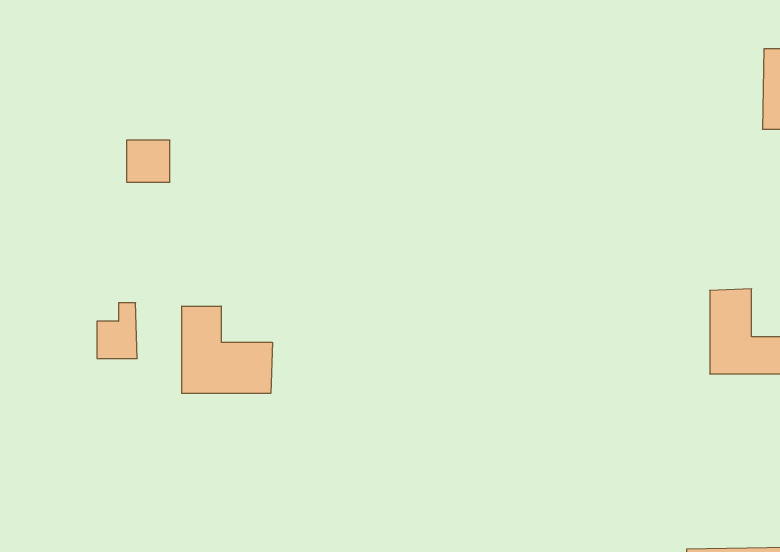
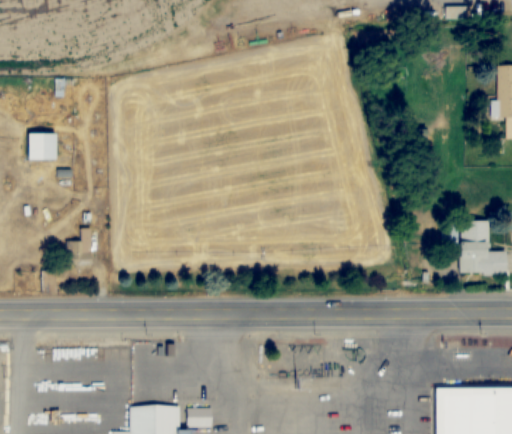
building: [127,140,170,182] -> [28,134,56,161]
building: [182,306,272,393] -> none

